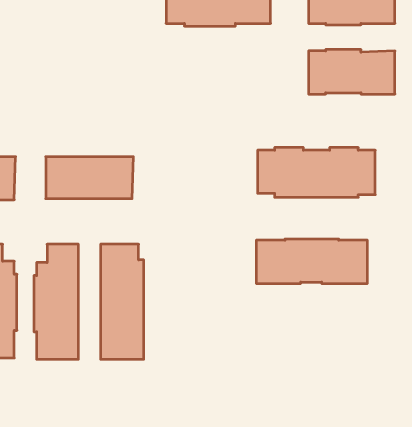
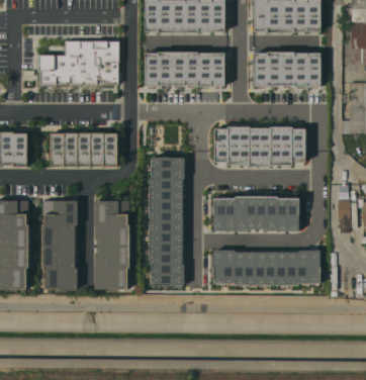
building: none -> [38,40,119,84]
building: none -> [144,50,224,85]
building: none -> [149,157,184,285]
building: none -> [213,250,321,284]

